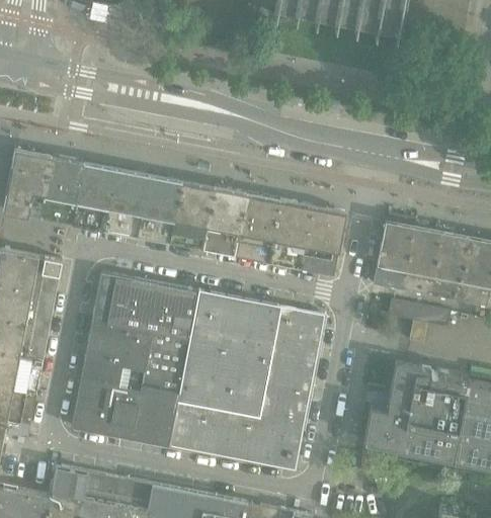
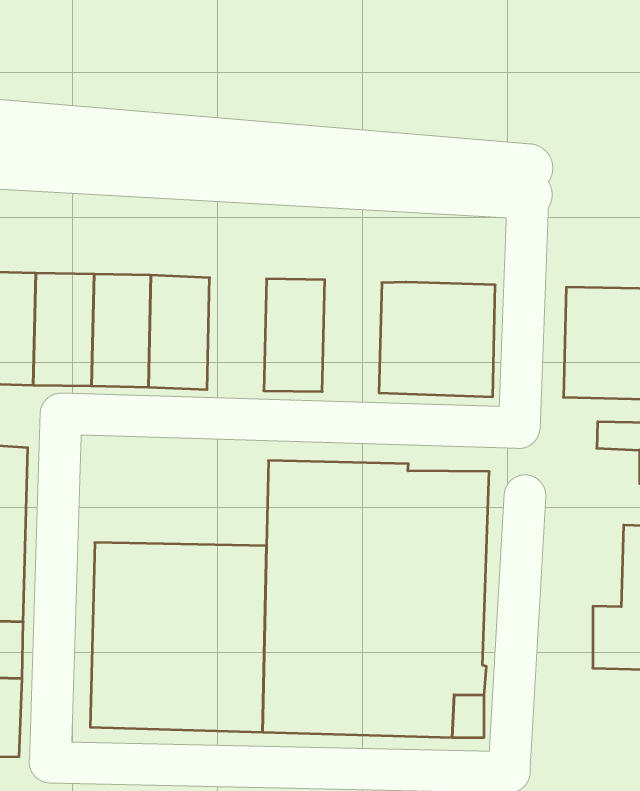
building: [170,182,215,252] -> none
building: [236,194,280,264] -> none
building: [91,273,198,341] -> none

